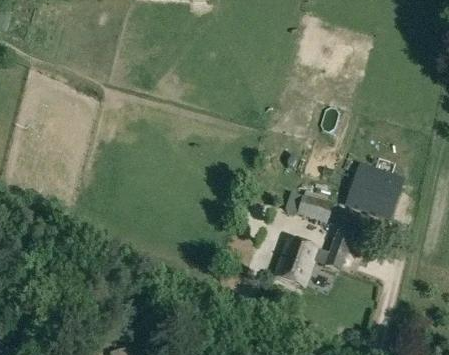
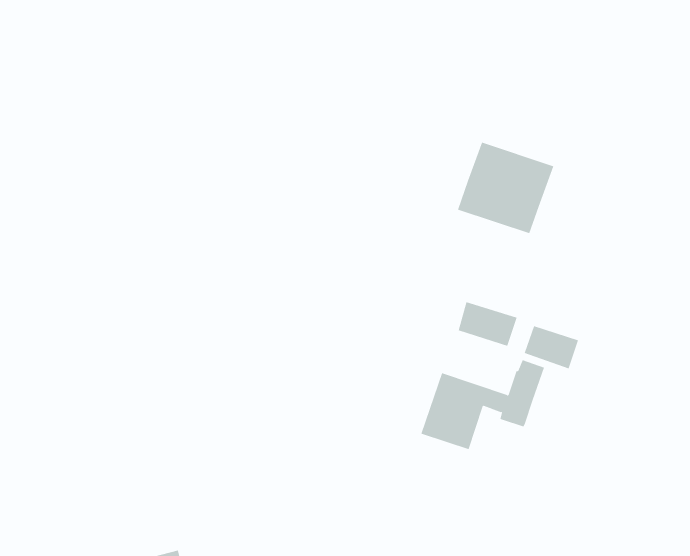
building: [345,164,405,221] -> [457,142,554,234]

